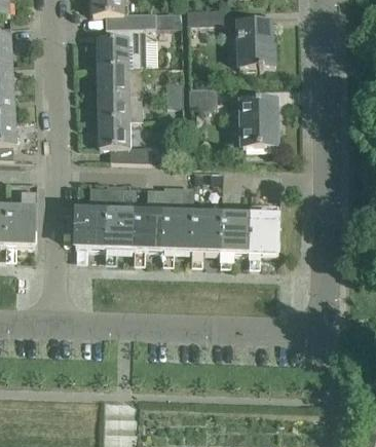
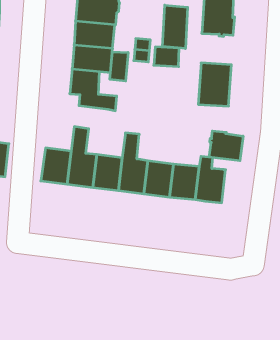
building: none -> [163,5,188,49]
building: none -> [110,52,128,81]
building: none -> [209,131,243,161]

